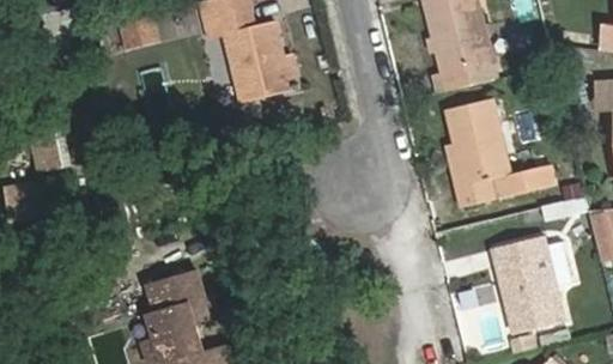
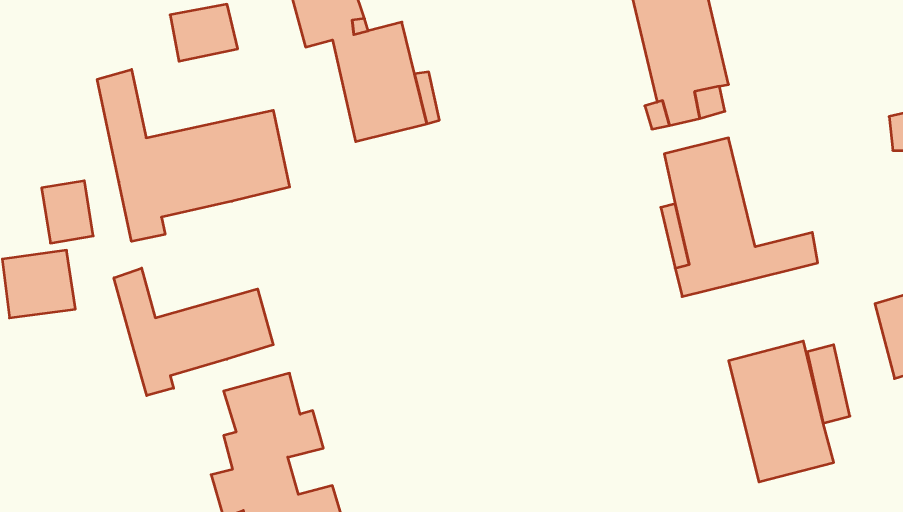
building: none -> [97,69,290,241]
building: none -> [114,268,273,396]

